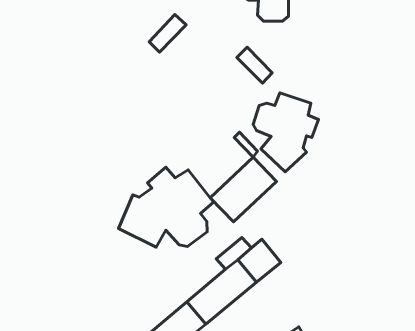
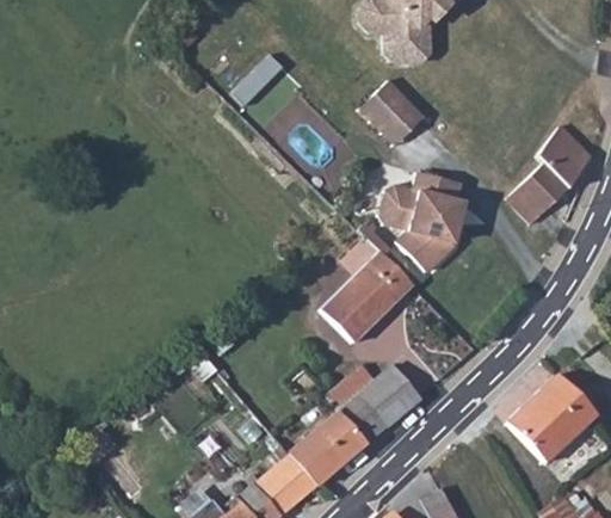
building: none -> [372,82,424,136]
building: none -> [508,127,590,222]
building: [119,167,214,247] -> none
building: none -> [511,375,599,464]

